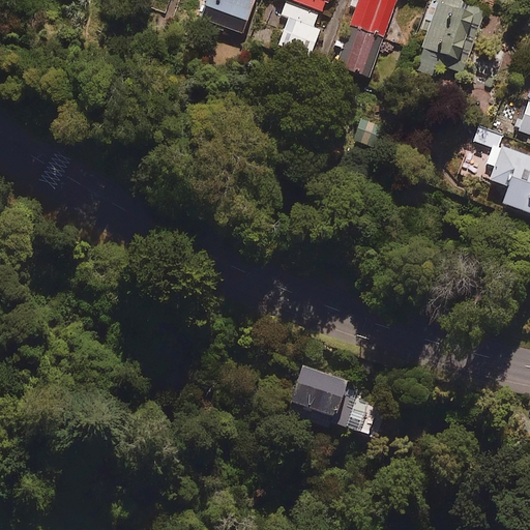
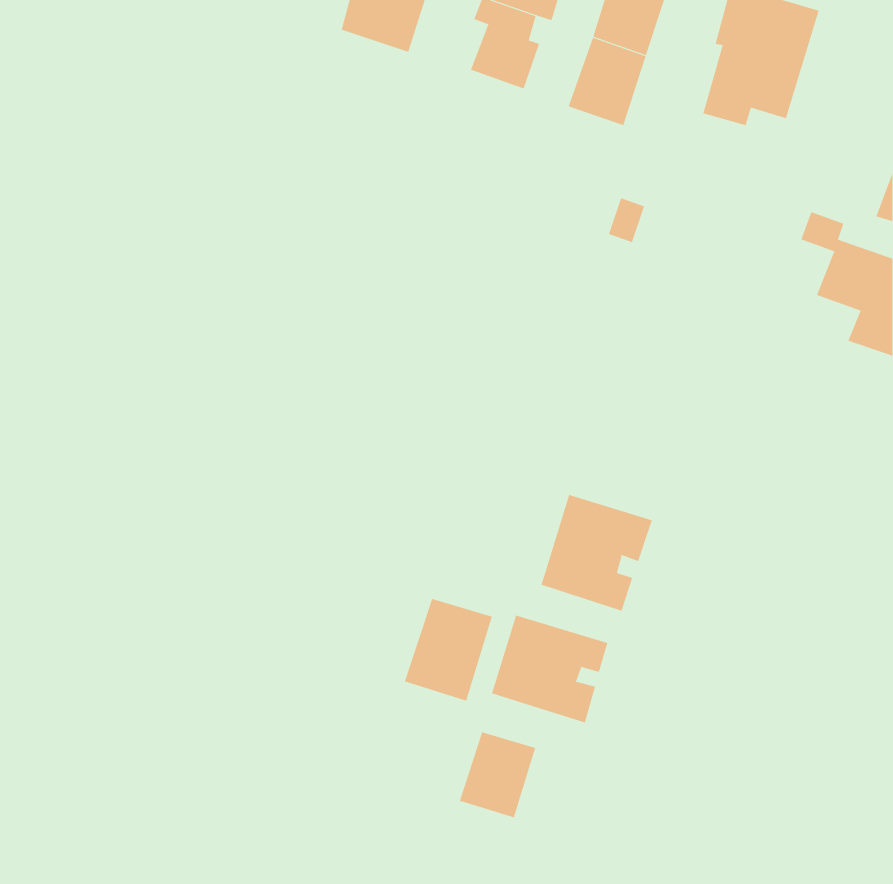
building: none -> [541,494,652,612]
building: none -> [404,598,492,701]
building: none -> [459,731,536,818]

